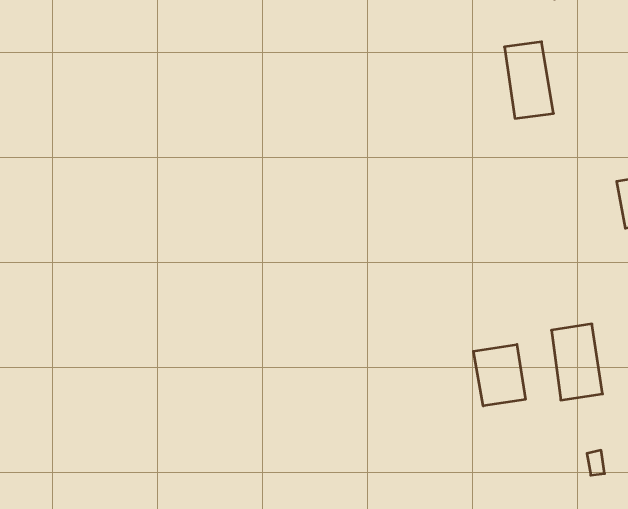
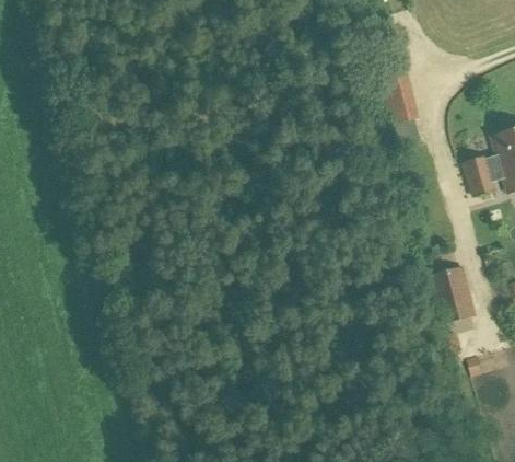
building: [473,344,525,406] -> none

